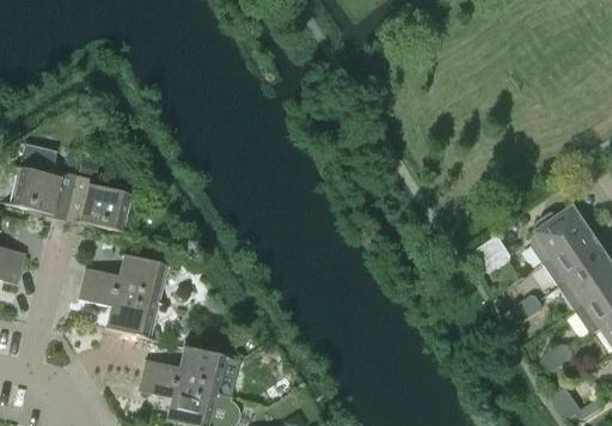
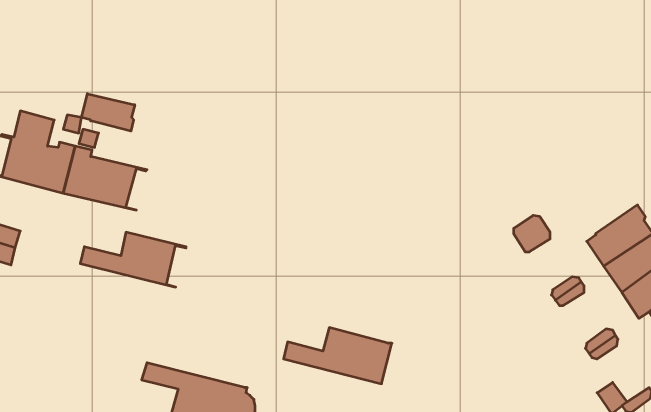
building: none -> [82,94,135,131]
building: [532,207,590,262] -> none
building: [76,282,167,341] -> none
building: [141,345,240,396] -> [284,328,392,384]

